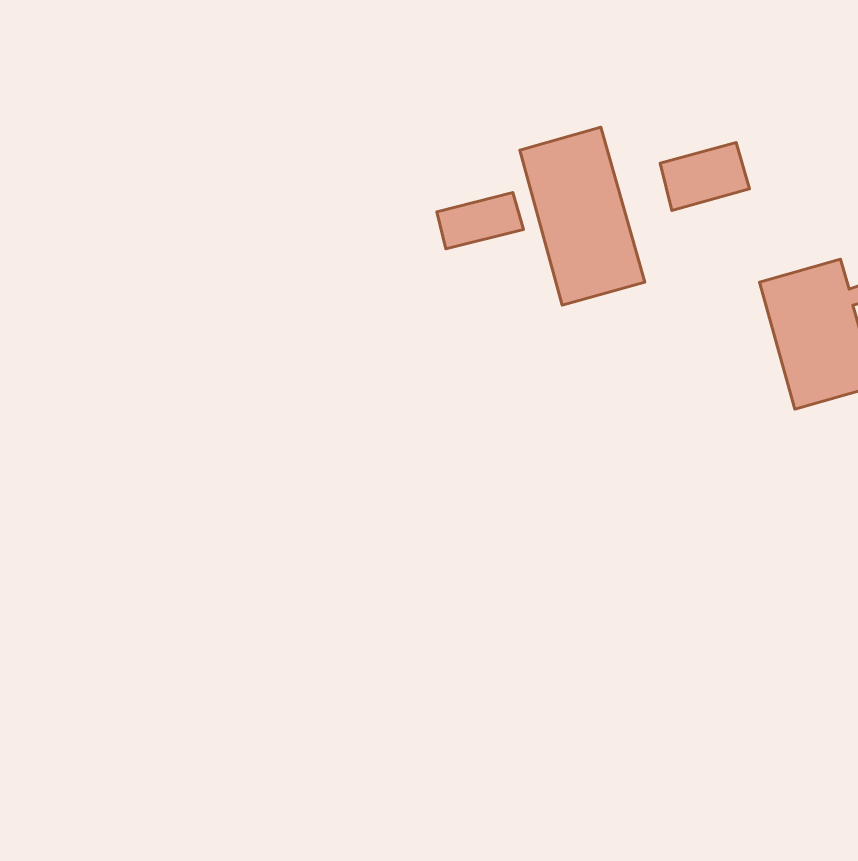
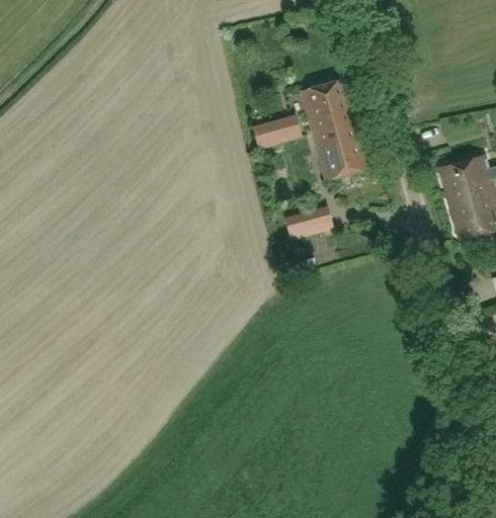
building: [660,143,750,210] -> none
building: none -> [285,208,332,239]

